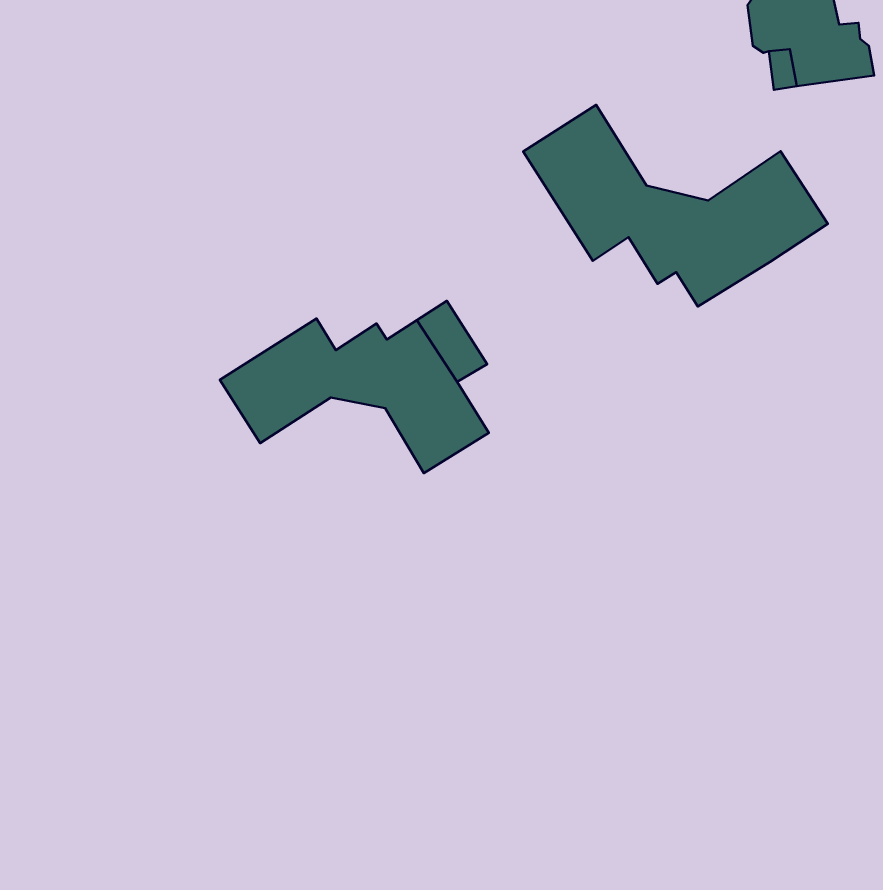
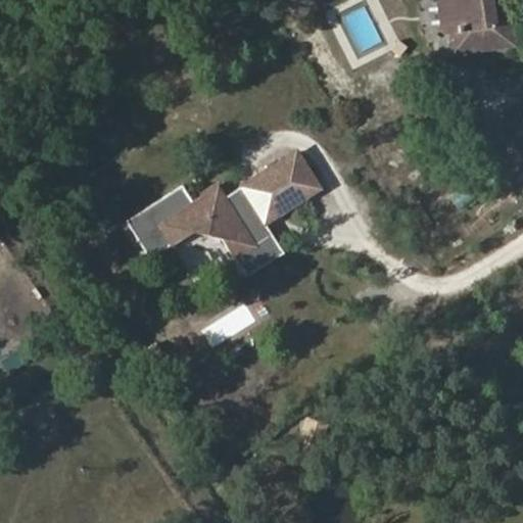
building: [523,105,828,306] -> none
building: none -> [259,151,321,211]

